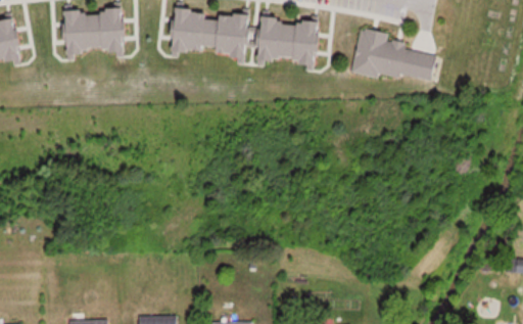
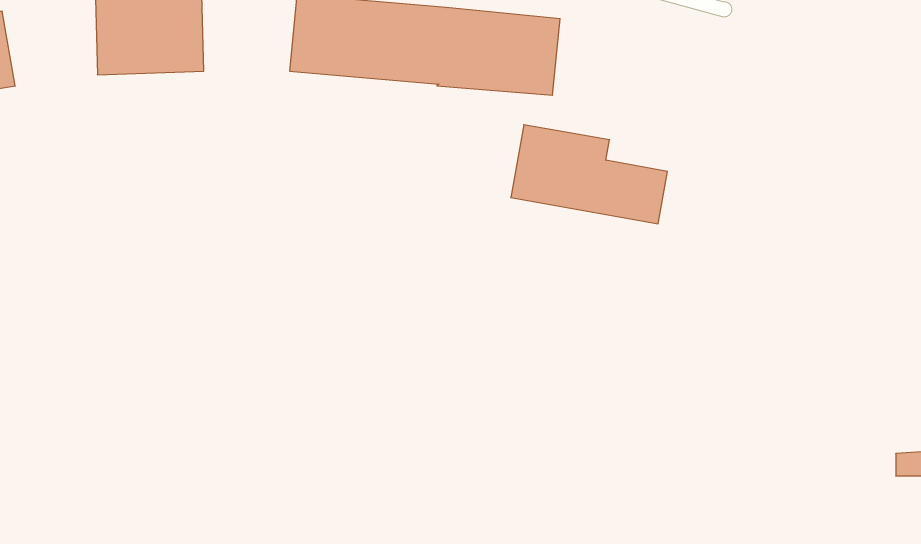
building: [351,30,437,84] -> [511,125,667,224]

